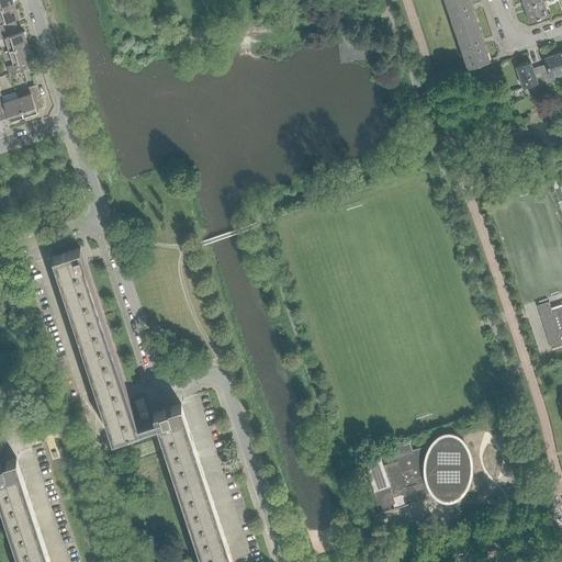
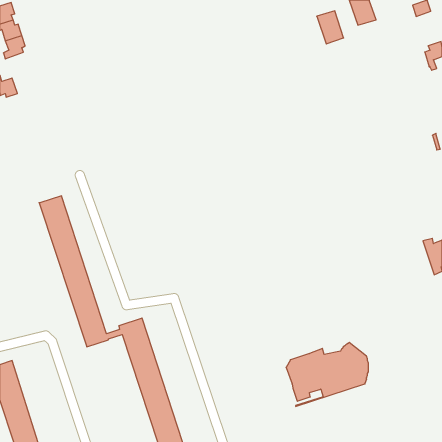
building: [453,26,487,68] -> [317,11,344,44]
building: [515,64,543,89] -> none
building: [15,86,41,120] -> none

